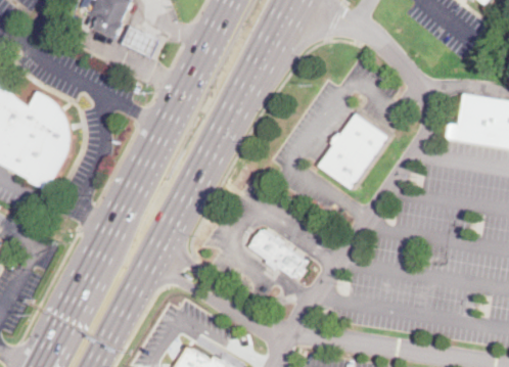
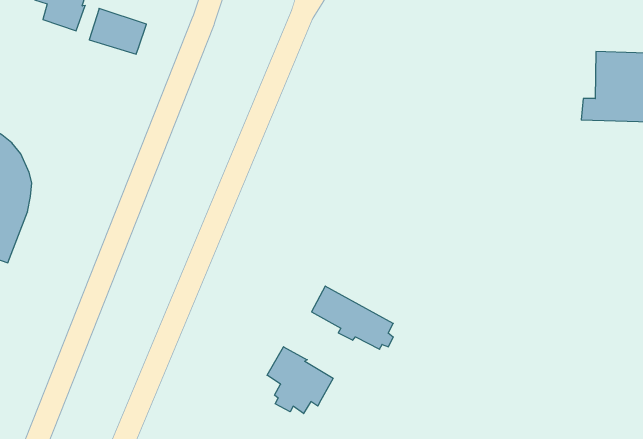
building: [319,112,389,189] -> none
building: none -> [267,347,333,414]

